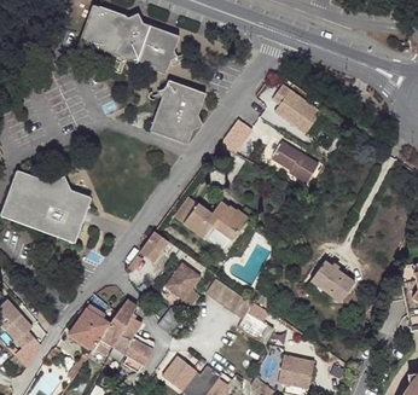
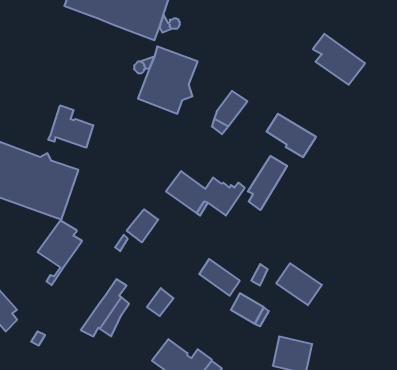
building: [271,86,320,134] -> [313,34,365,85]
building: none -> [48,105,93,148]
building: none -> [248,156,287,210]
building: [310,262,354,302] -> [276,263,322,305]
building: [164,263,201,309] -> none
building: [69,304,111,366] -> [38,220,82,285]
building: [123,333,152,372] -> none

